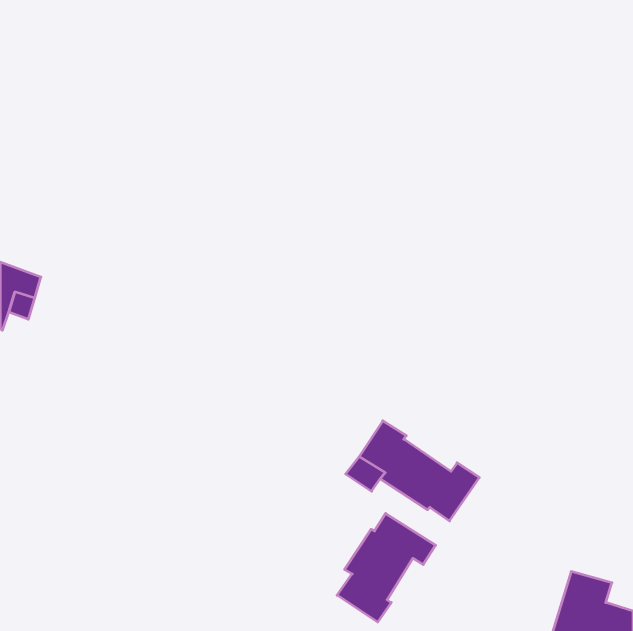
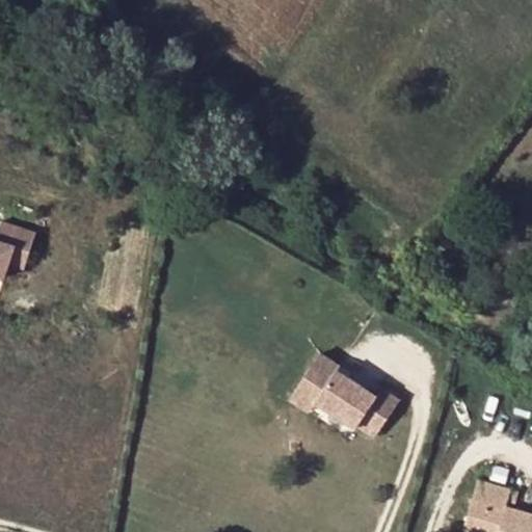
building: [337,513,436,622] -> none

